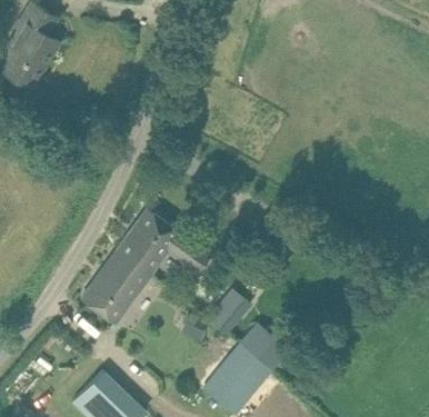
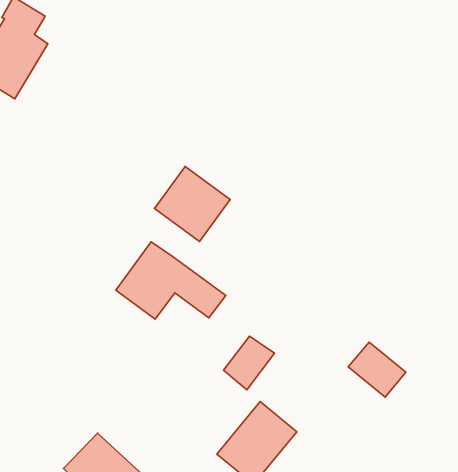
building: none -> [154,167,230,241]
building: [81,250,151,325] -> none
building: [240,324,289,370] -> [348,342,406,397]

